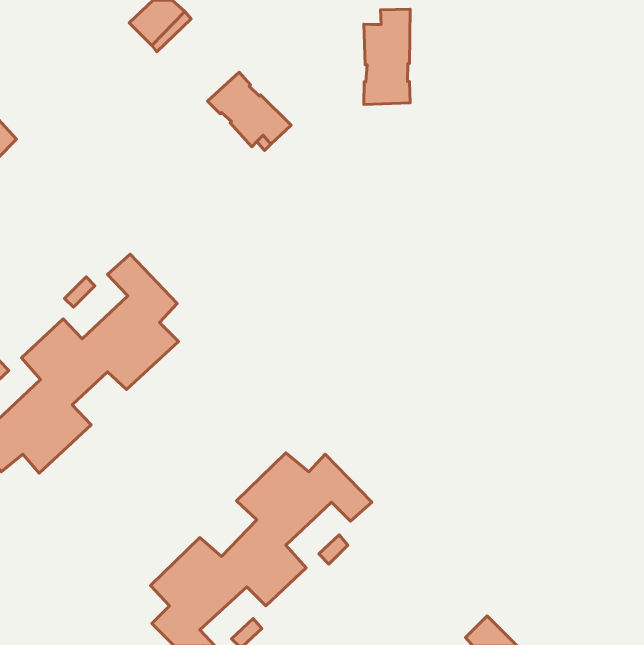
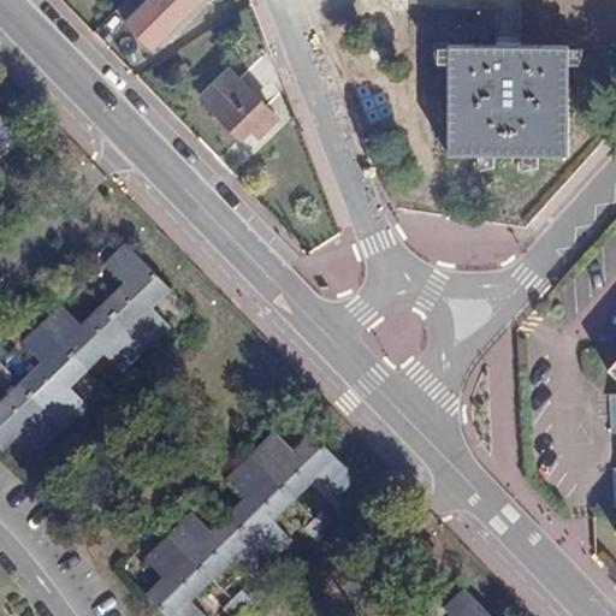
building: [364,9,410,104] -> none
building: none -> [448,46,565,156]

